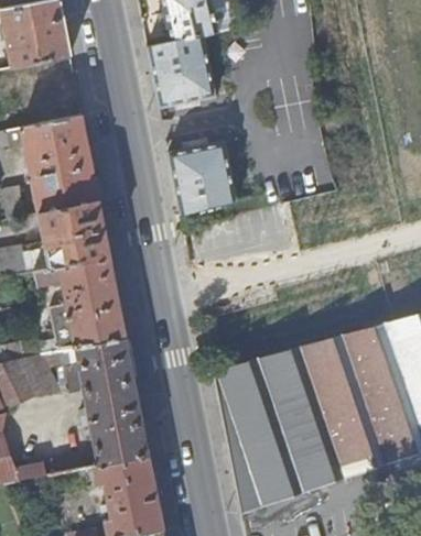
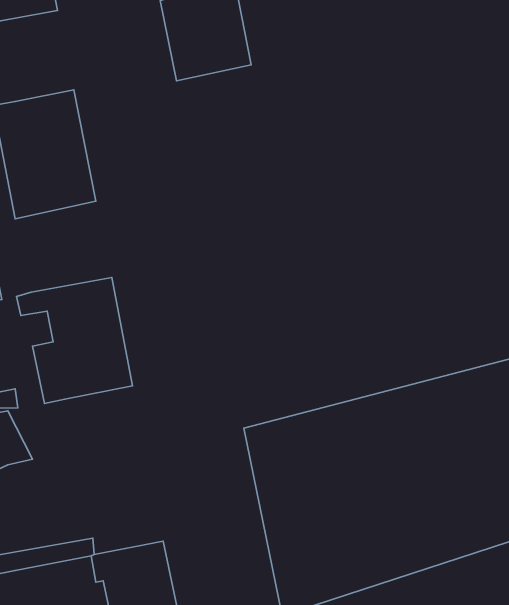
building: [168,141,236,214] -> none
building: [37,199,110,267] -> none
building: [66,338,149,464] -> none

